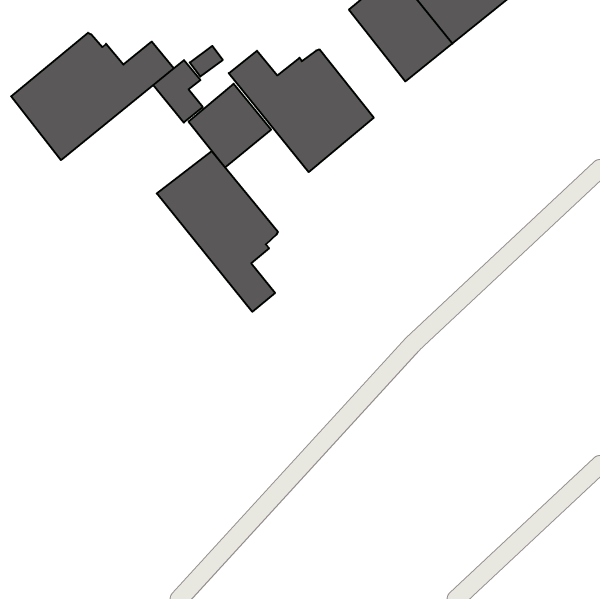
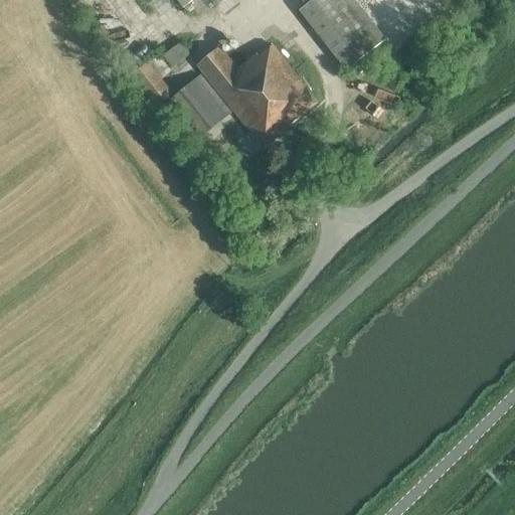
building: [11,33,174,160] -> none
building: [157,151,278,312] -> none

